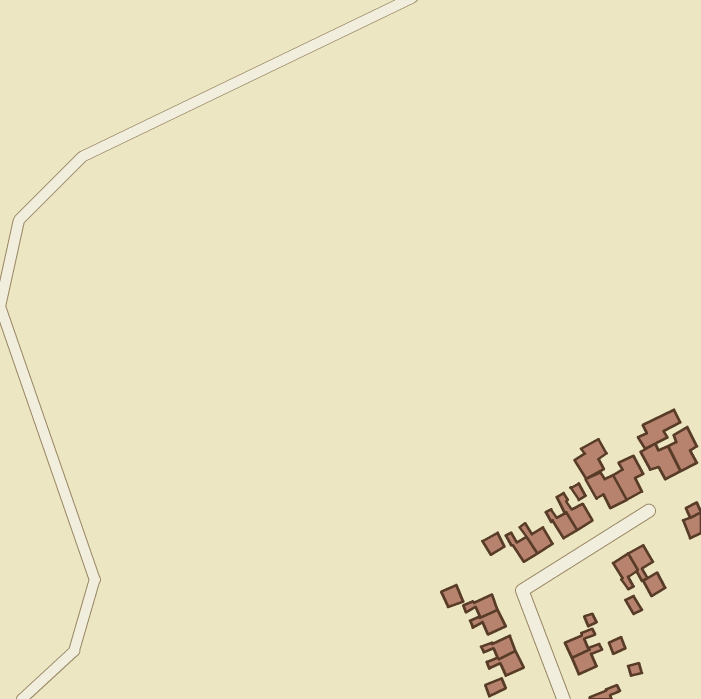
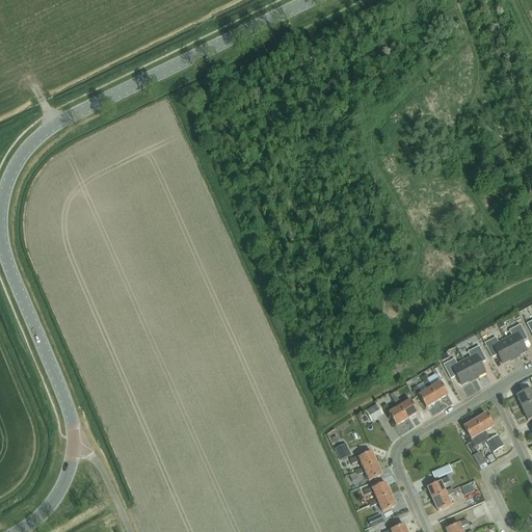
building: [638,410,680,449] -> none
building: [575,439,607,479] -> none

